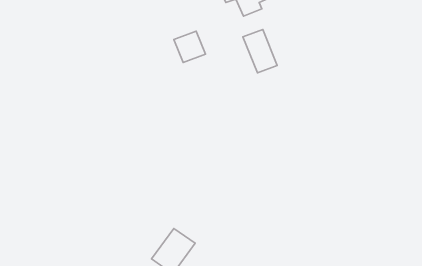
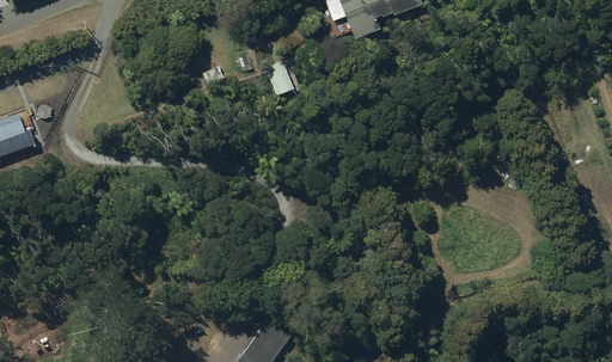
building: [243,29,277,73] -> none

